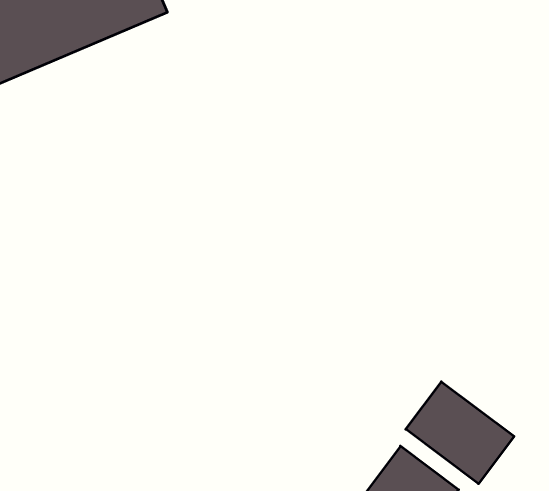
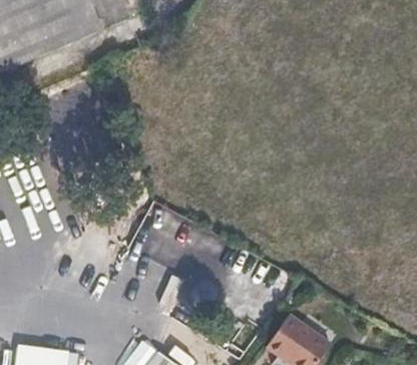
building: [406,382,514,484] -> none

